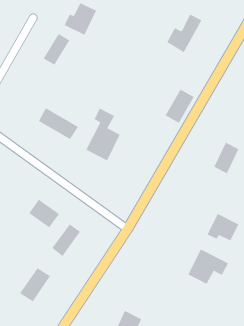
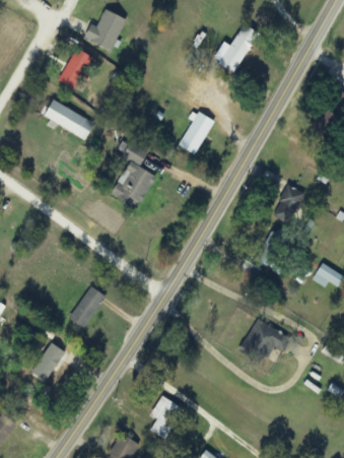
building: [165,89,195,124] -> [177,111,214,154]
building: [38,107,79,140] -> [44,99,94,139]
building: [28,199,60,228] -> none
building: [207,213,239,241] -> none

